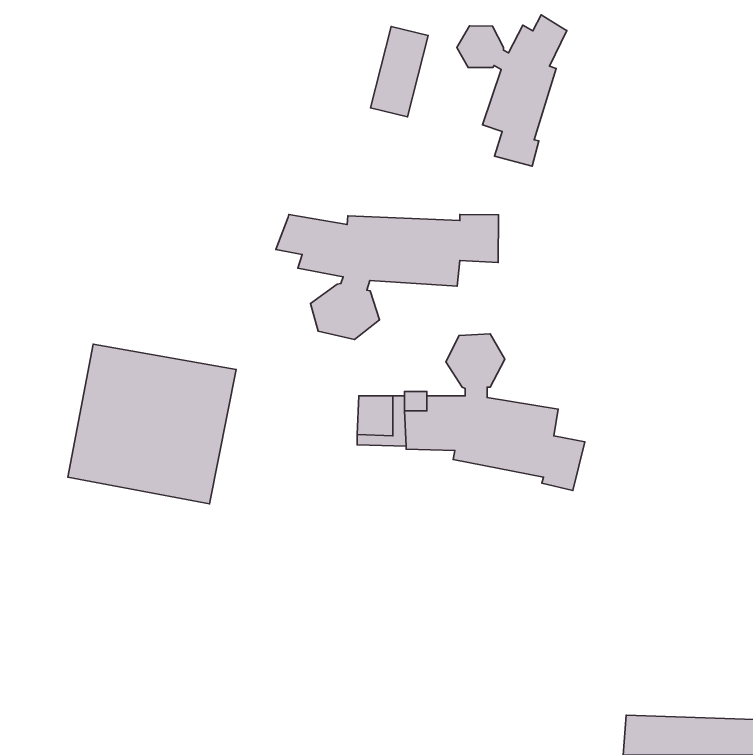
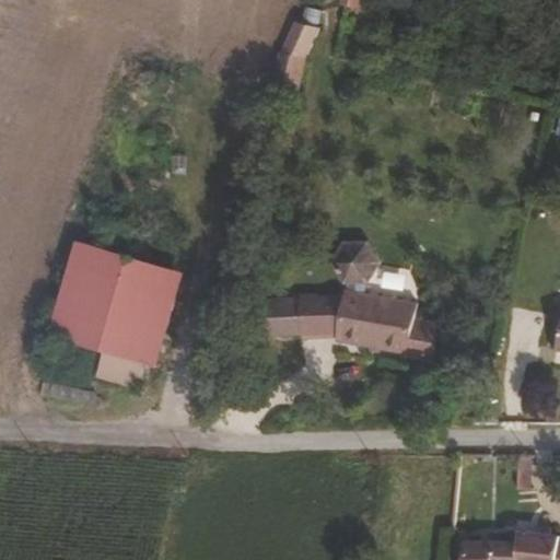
building: [457,15,567,166] -> none
building: [276,215,499,339] -> none

